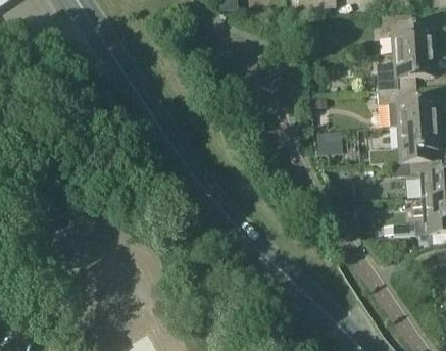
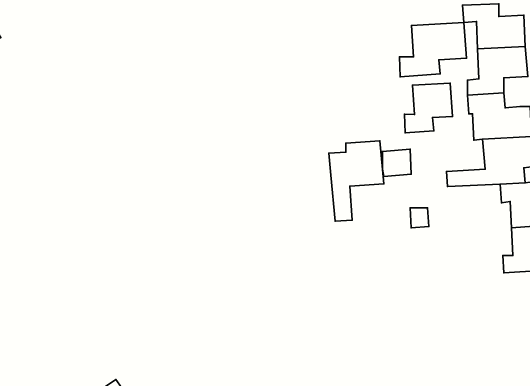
building: none -> [400,23,466,77]
building: none -> [404,83,452,133]
building: none -> [329,141,384,221]

